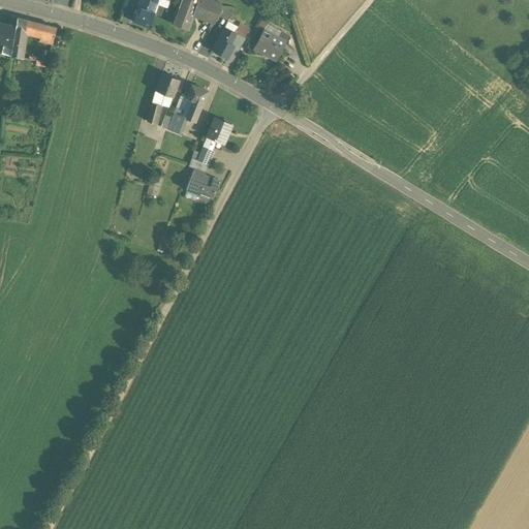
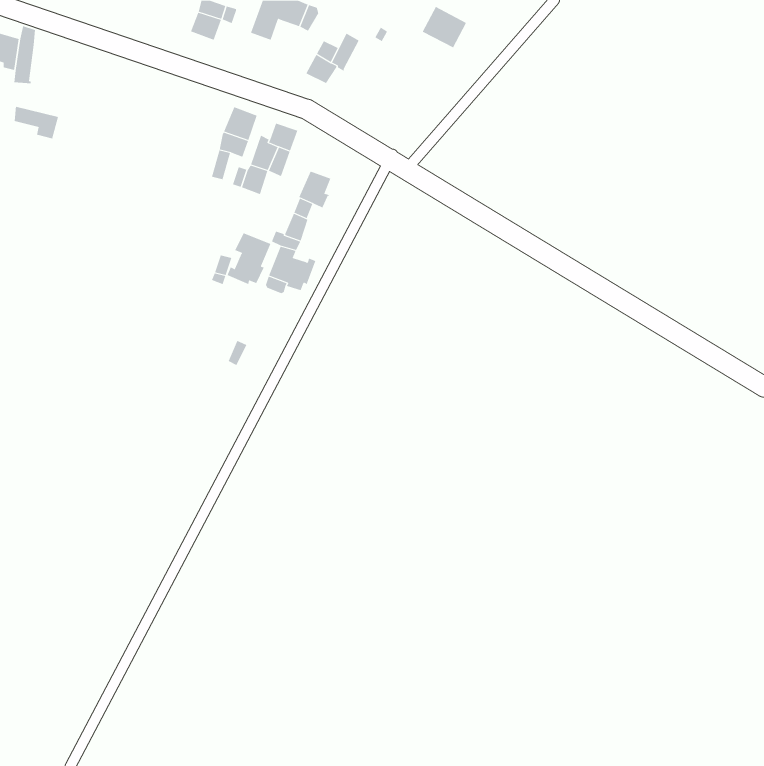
building: [24,21,55,43] -> [14,106,59,139]
building: [253,31,284,60] -> [422,6,467,48]
building: none -> [227,232,271,285]

